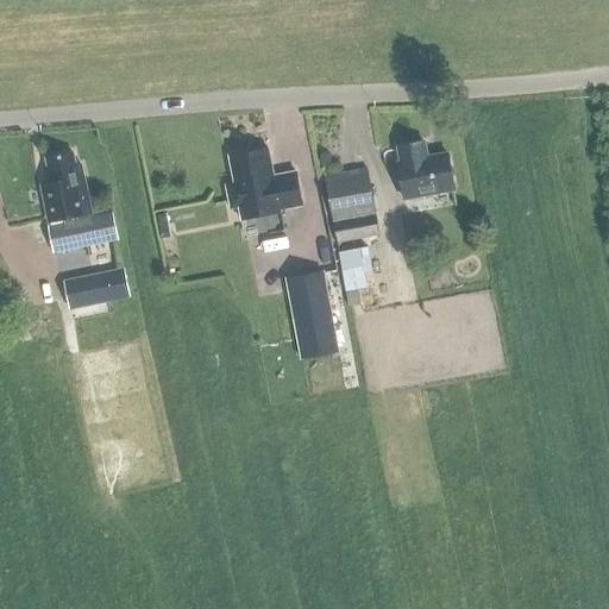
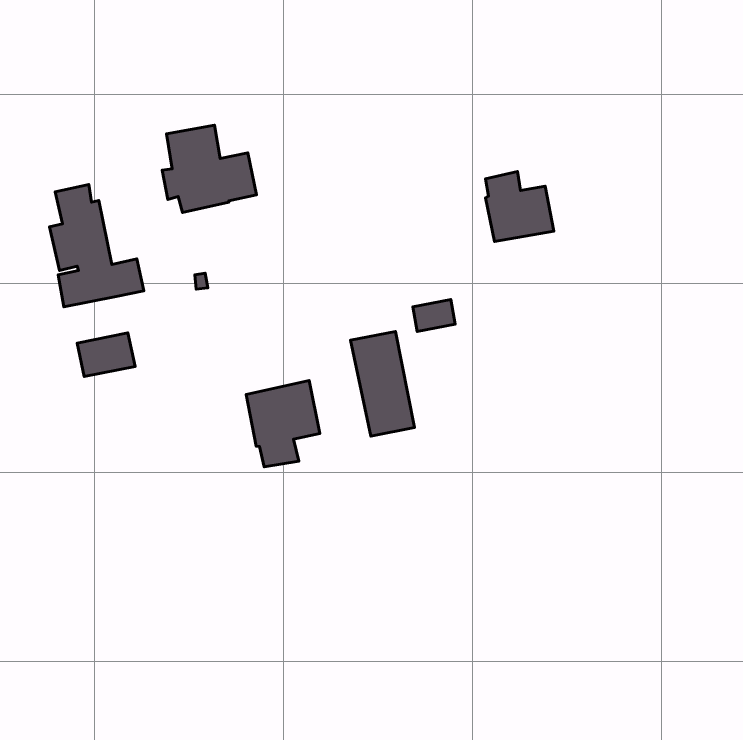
building: [225,147,302,219] -> [162,125,257,212]
building: [324,167,379,241] -> none
building: none -> [246,380,320,467]

